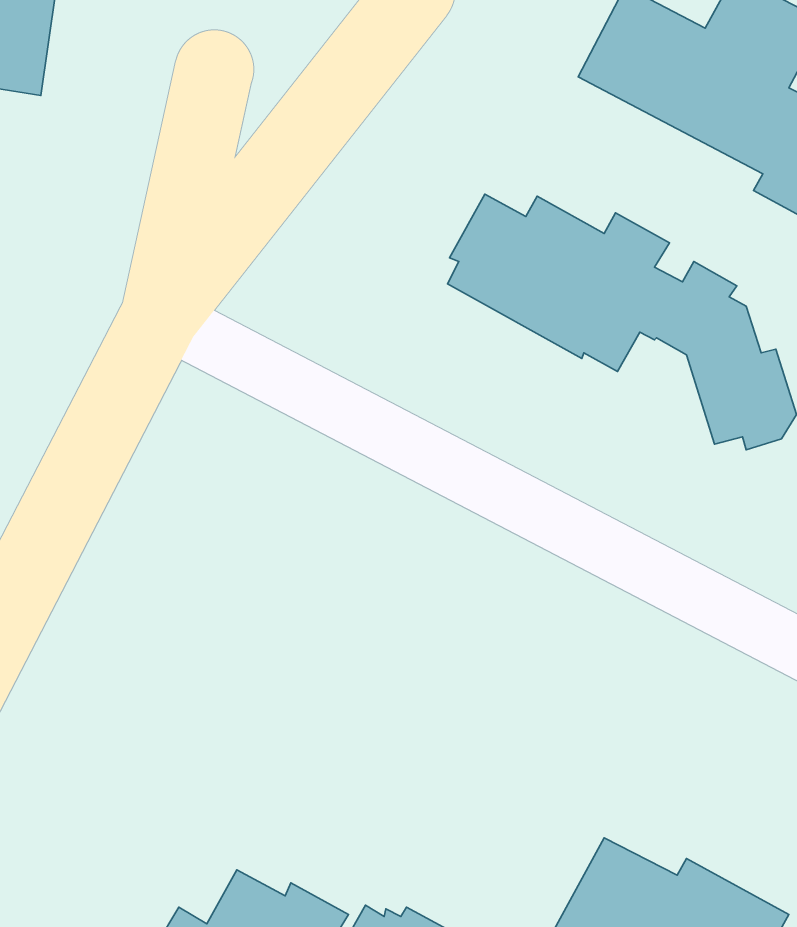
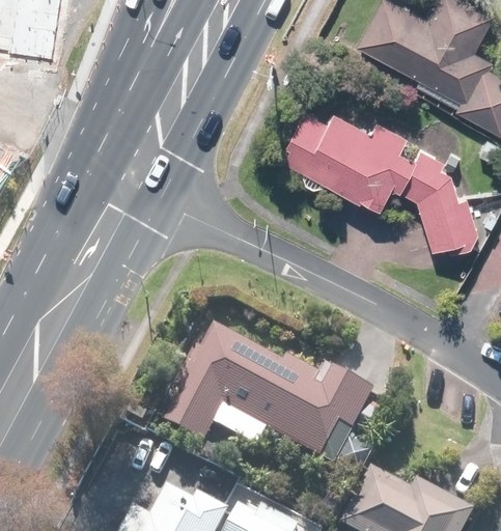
building: none -> [165,329,378,470]

